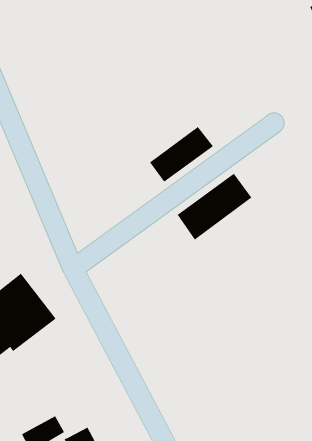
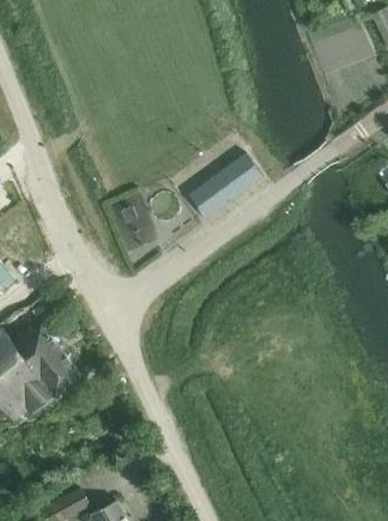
building: [177,173,252,240] -> none

